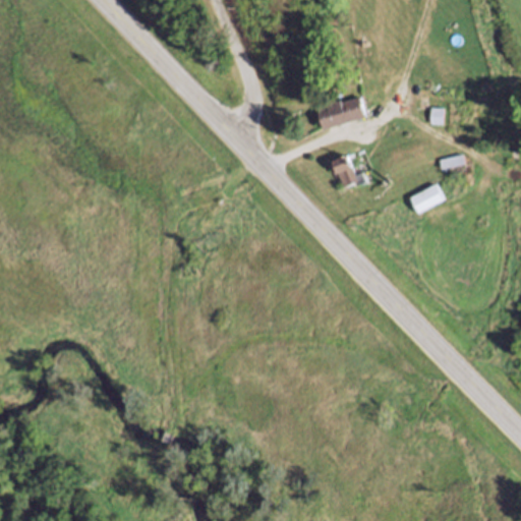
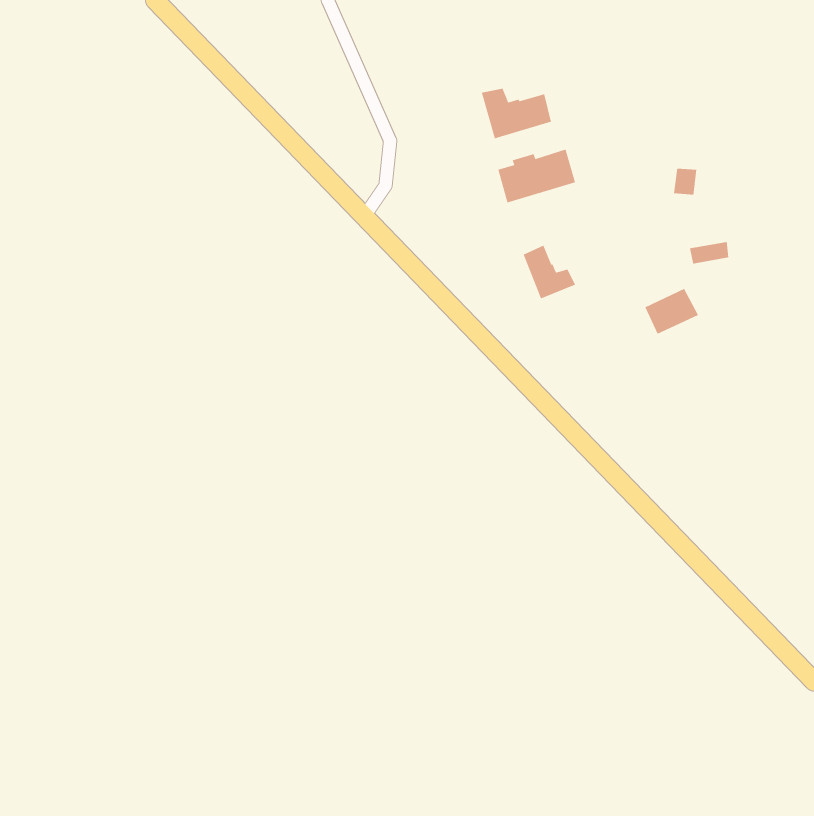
building: none -> [481,88,551,139]

